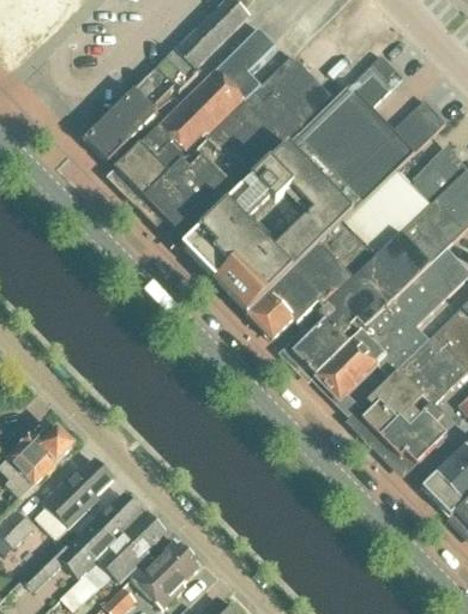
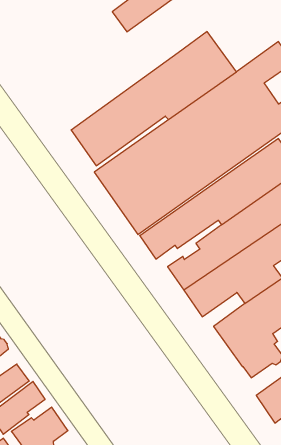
building: [115,28,275,200] -> none
building: [85,49,198,163] -> none

